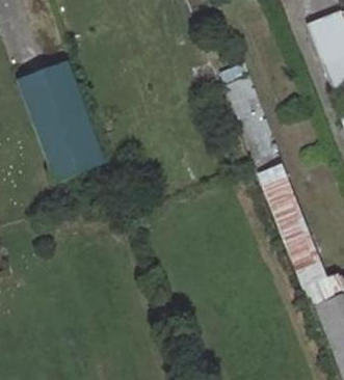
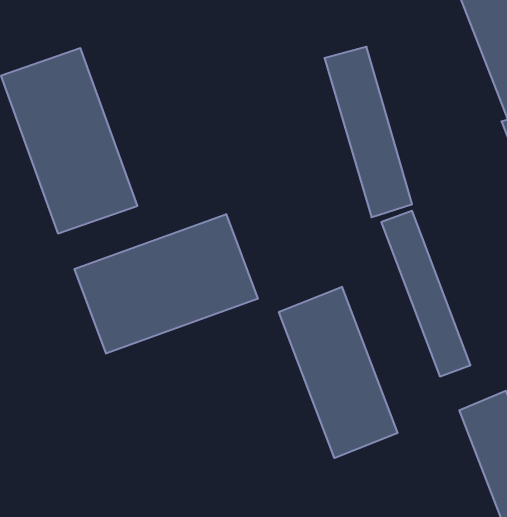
building: none -> [74,214,258,354]
building: none -> [279,287,397,458]

